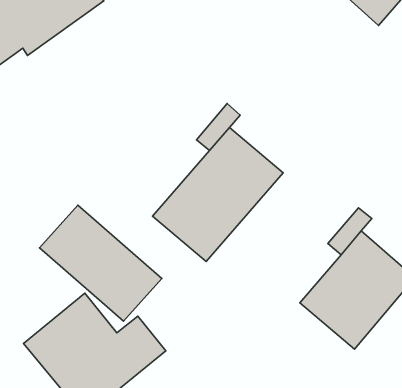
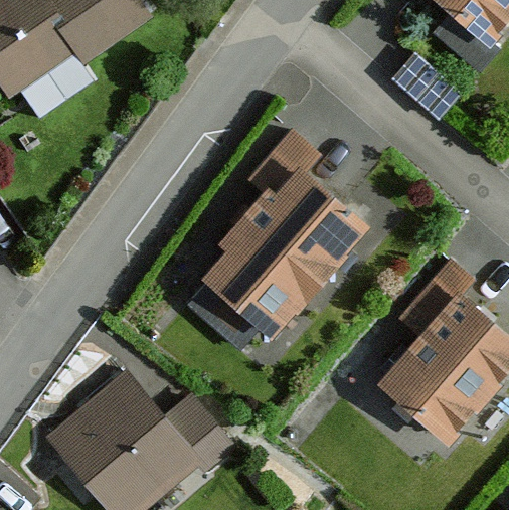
building: [39,205,162,321] -> none

